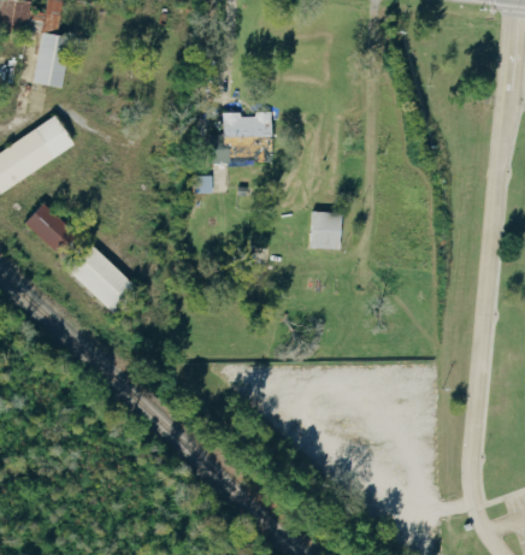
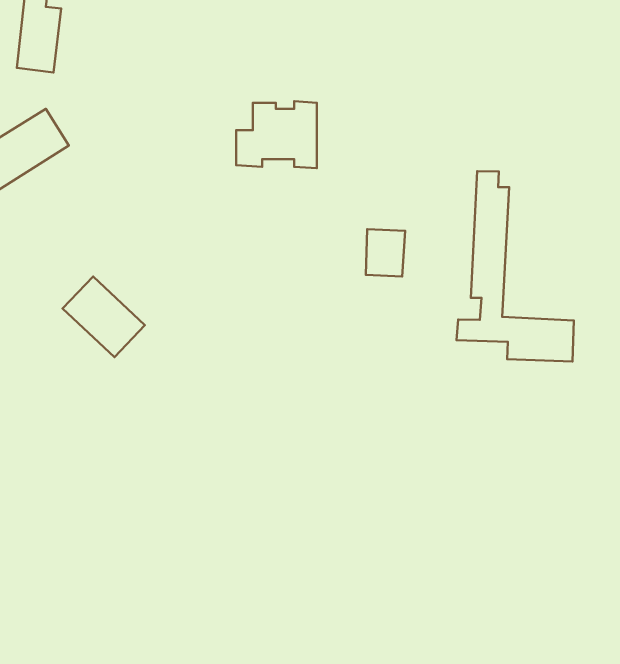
building: none -> [457,171,574,362]
building: [25,203,77,255] -> none

